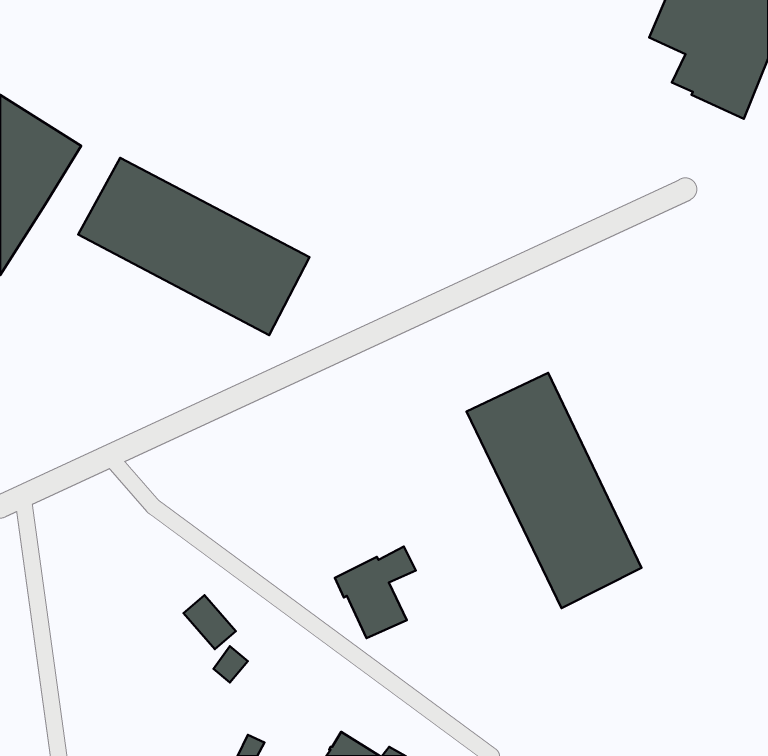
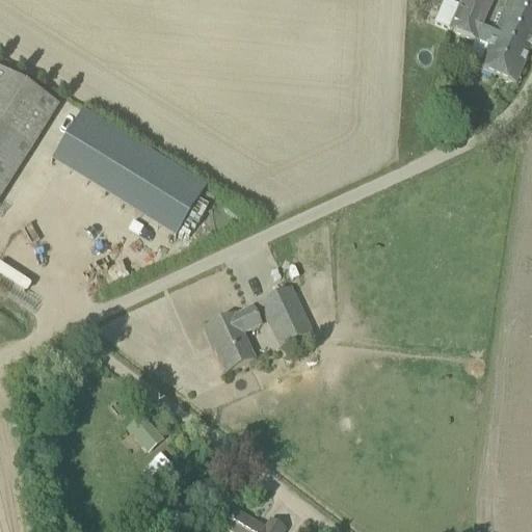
building: [467,373,641,608] -> none
building: none -> [260,286,310,337]
building: [335,546,416,638] -> [203,305,259,369]

